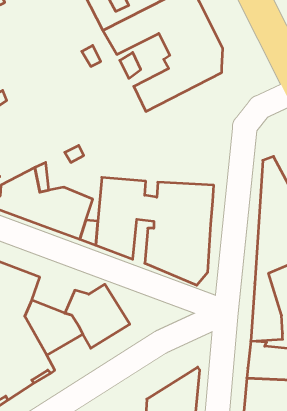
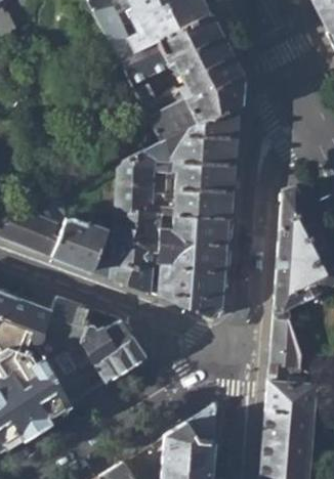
building: none -> [117,101,240,217]
building: none -> [45,296,93,348]

